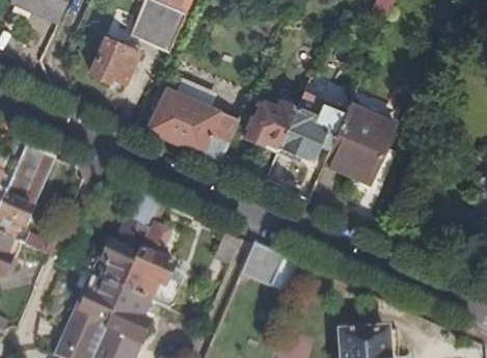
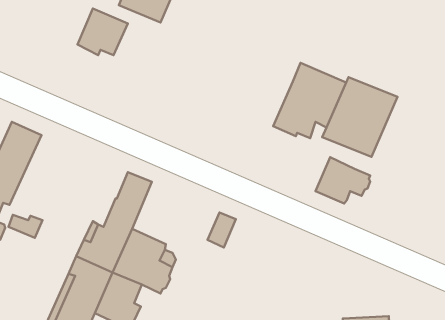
building: [147,85,248,161] -> none
building: [245,98,296,149] -> none
building: none -> [316,157,370,203]
building: [243,244,294,290] -> none

